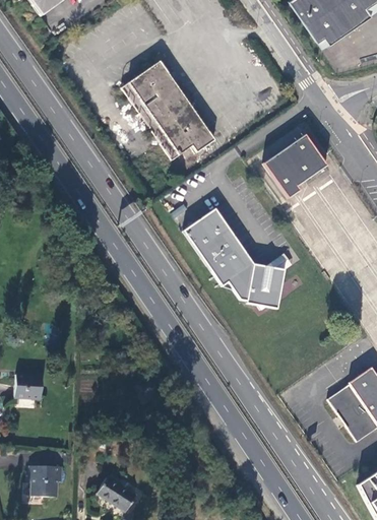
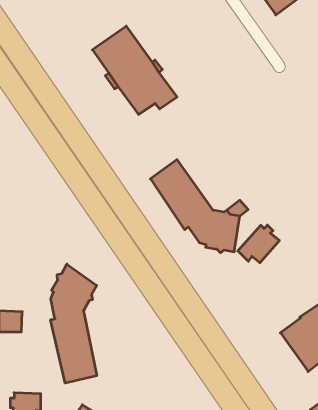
building: [263,135,325,198] -> none
building: none -> [238,225,279,263]
building: none -> [51,264,97,383]

